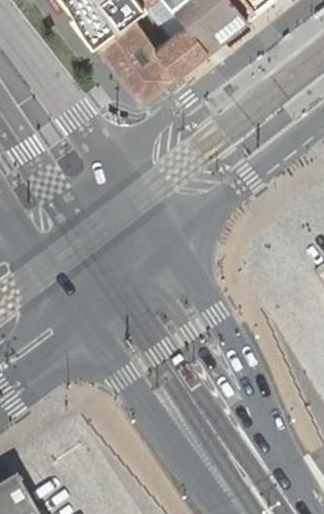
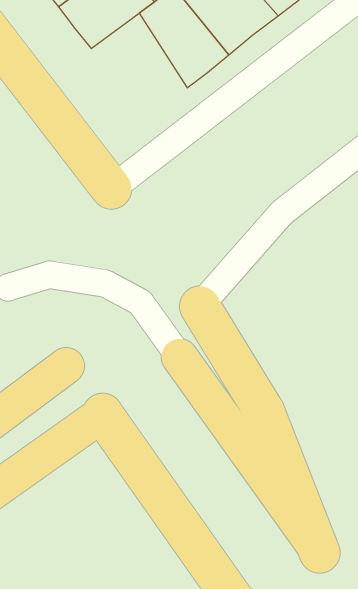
building: [93,14,171,100] -> none

